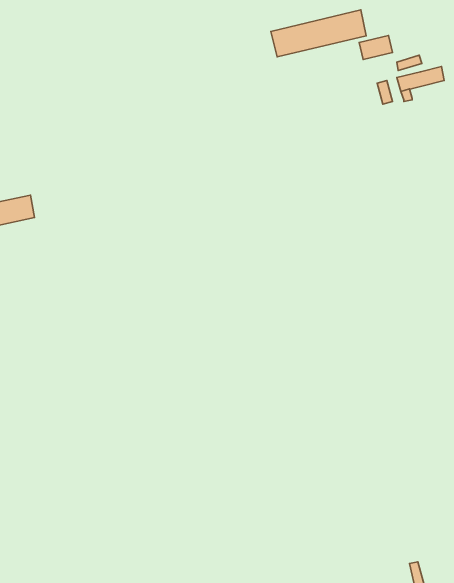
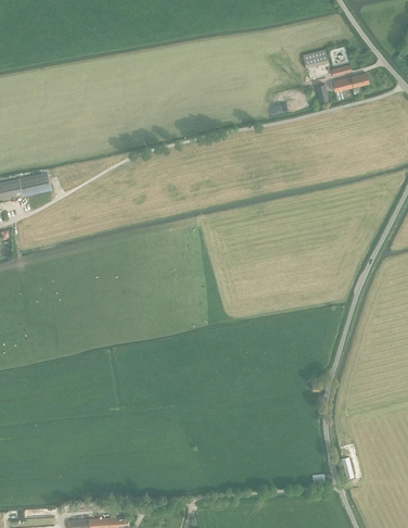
building: [271,10,366,57] -> none

